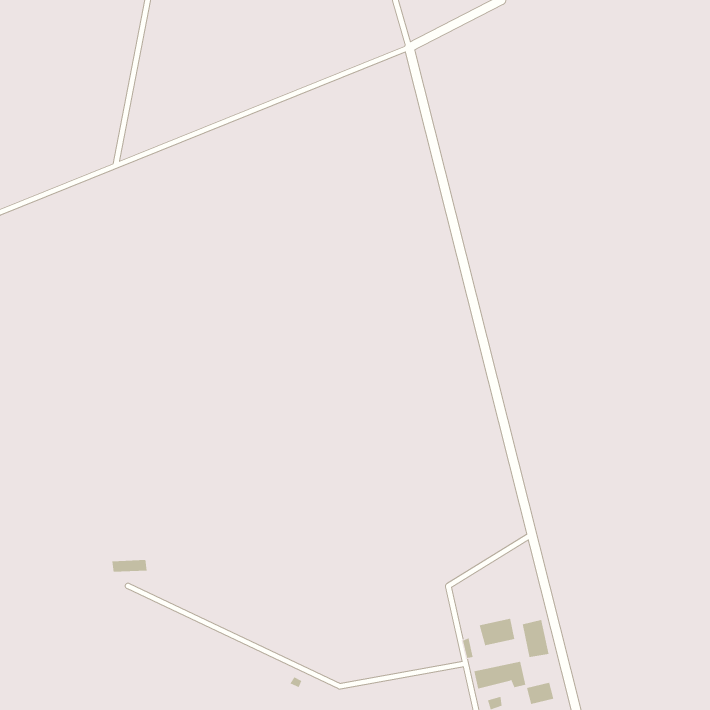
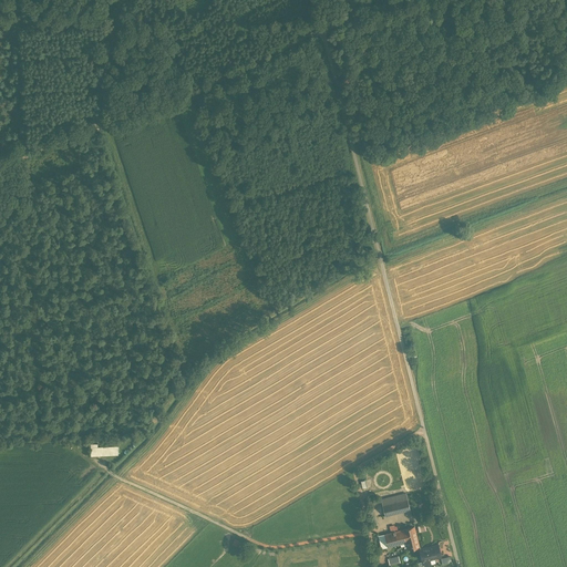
building: [522,619,549,658] -> none

